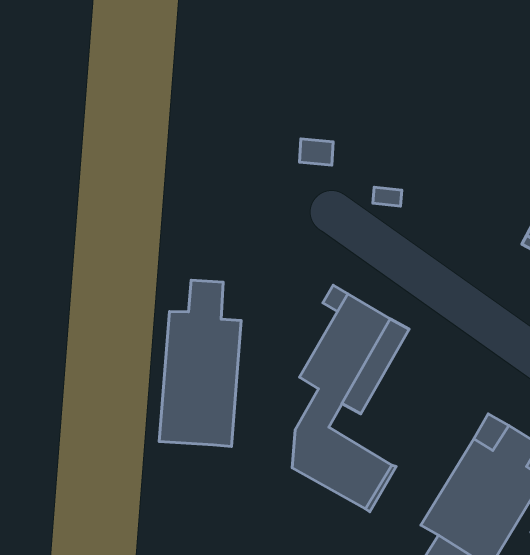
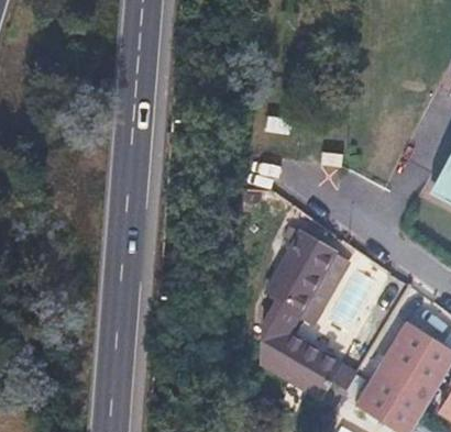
building: [159,280,241,447] -> none

